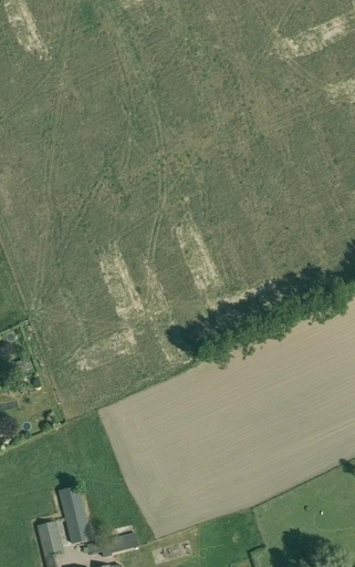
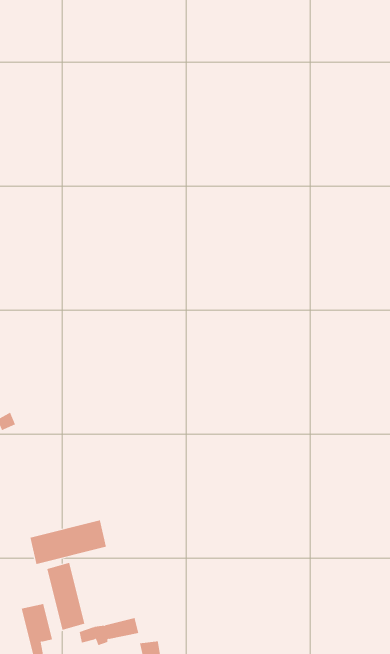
building: none -> [30,519,106,565]

